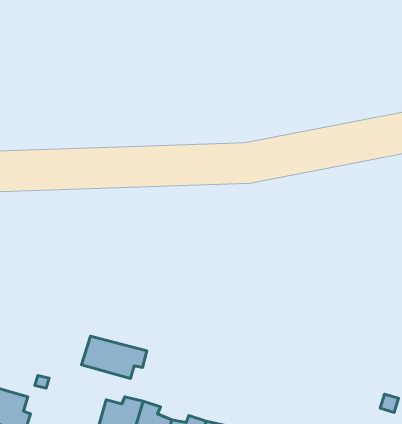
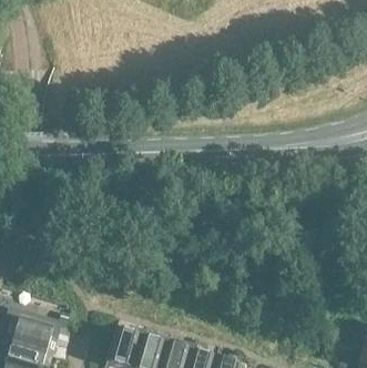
building: [81,336,147,379] -> none

